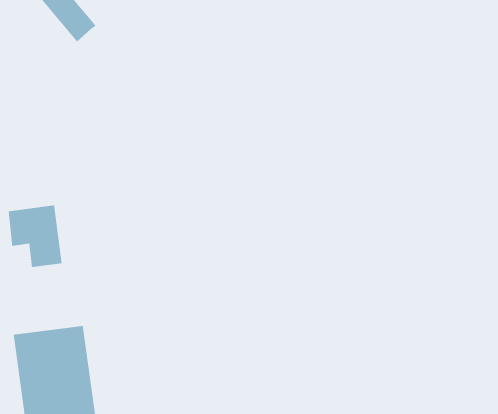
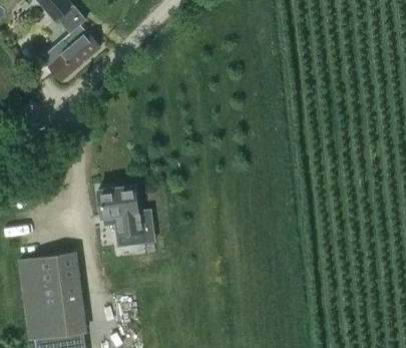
building: none -> [49,27,101,82]
building: [8,205,63,267] -> [100,189,142,237]

